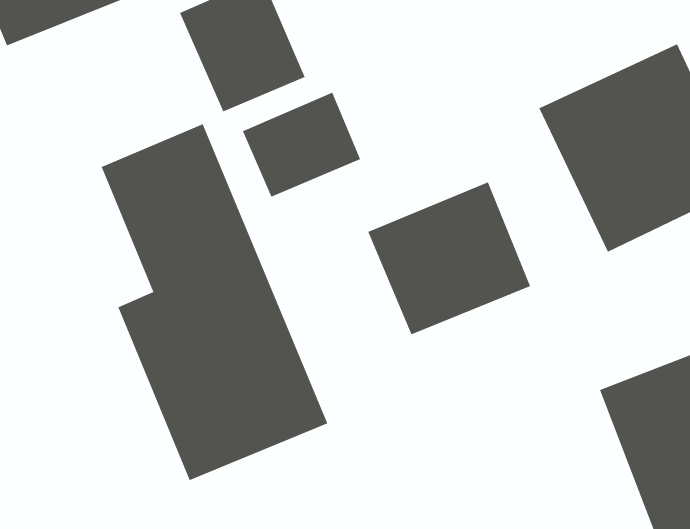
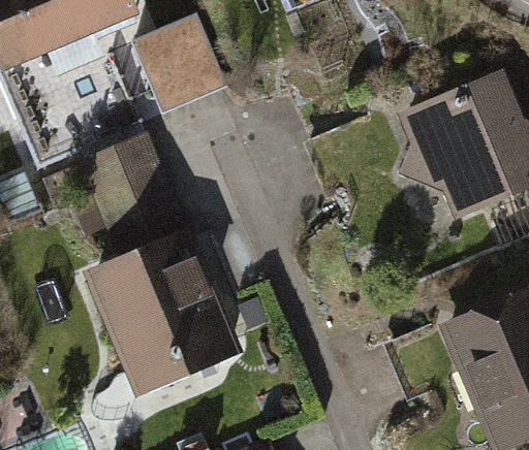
building: [242,92,361,197] -> none
building: [368,182,531,335] -> none

